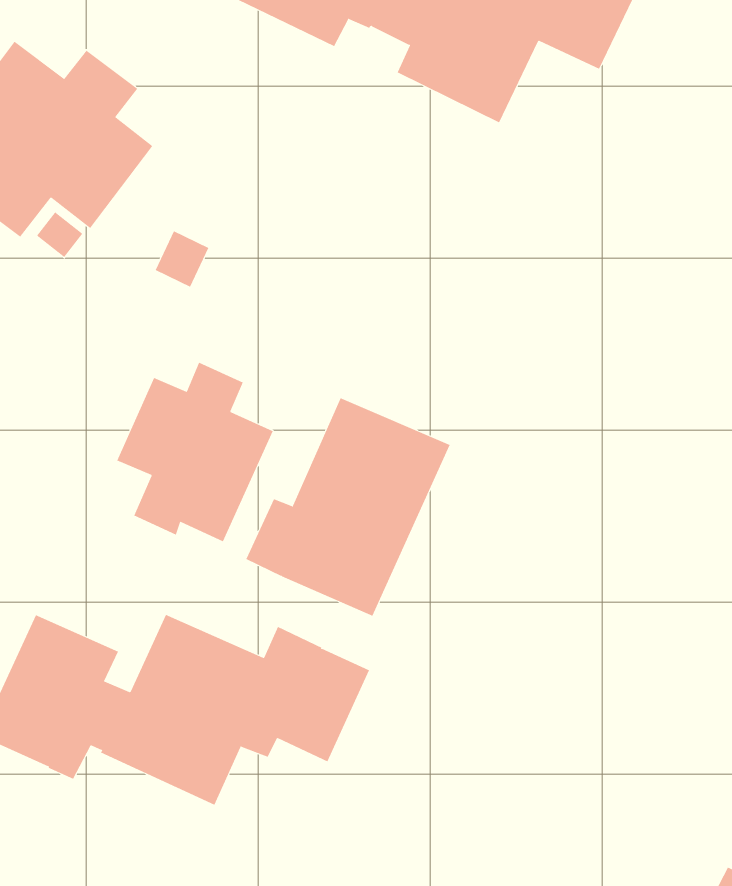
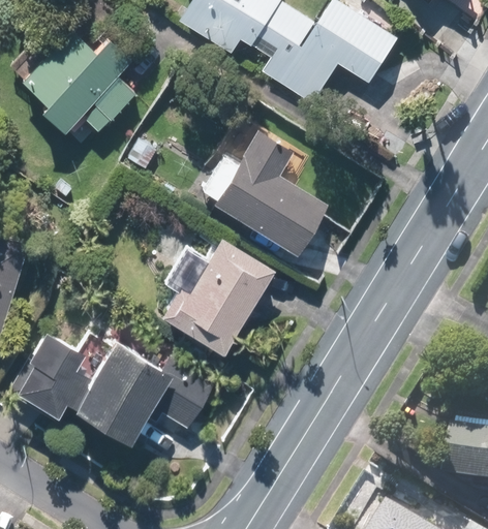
building: none -> [212,130,327,256]
building: [117,362,274,542] -> none

